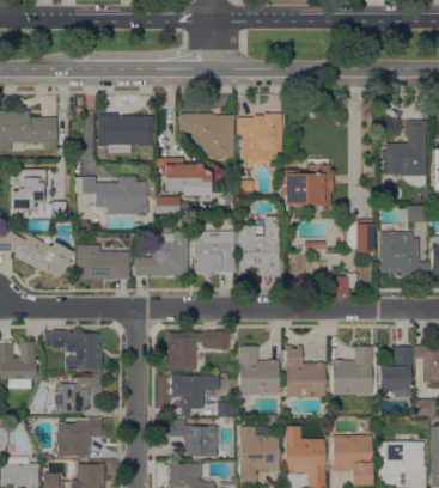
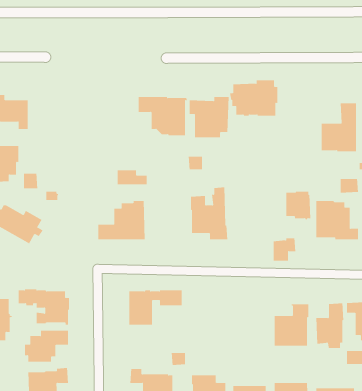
building: [97,114,153,153] -> none
building: [156,158,211,196] -> none
building: [278,165,333,206] -> [229,80,278,116]
building: [74,176,147,214] -> none
building: [194,231,234,275] -> none
building: [77,245,129,279] -> none
building: [286,346,324,397] -> none
building: [239,347,279,395] -> none
building: [169,374,219,416] -> none

